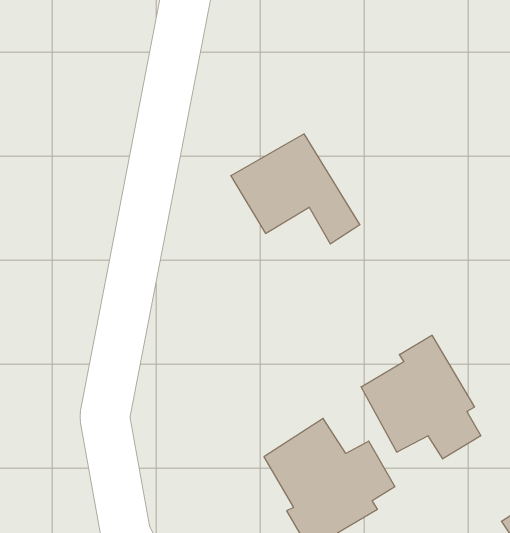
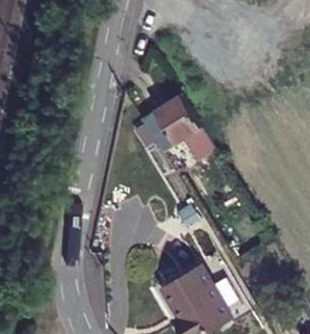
building: [361,335,481,459] -> none

